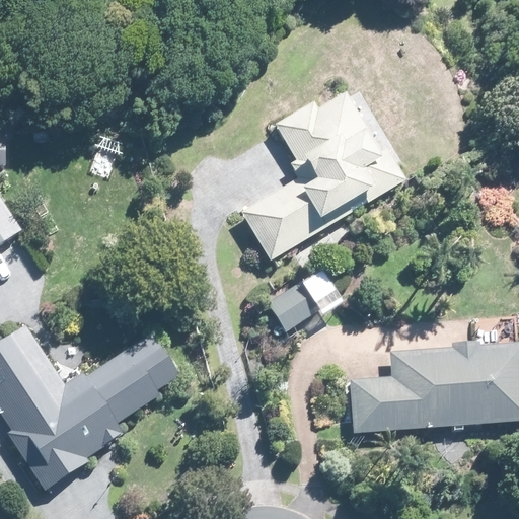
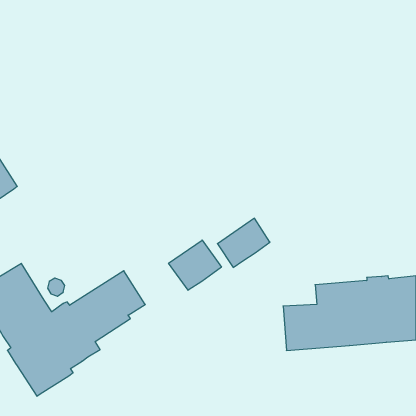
building: [243,91,406,260] -> none
building: none -> [169,240,221,290]

